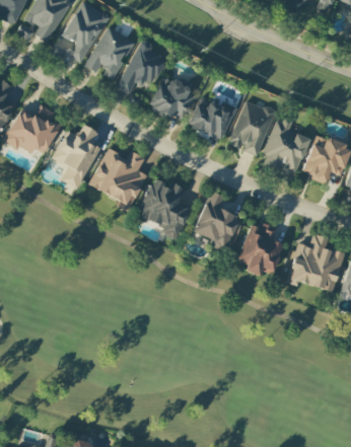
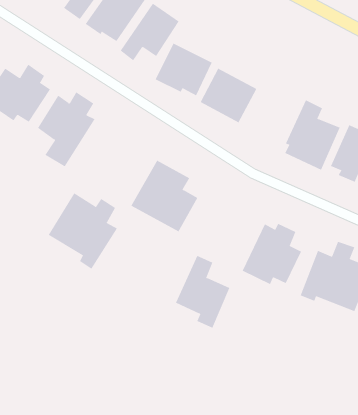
building: [228,99,276,156] -> none
building: [88,147,147,211] -> [48,193,118,269]
building: [194,191,239,251] -> [175,255,230,328]

